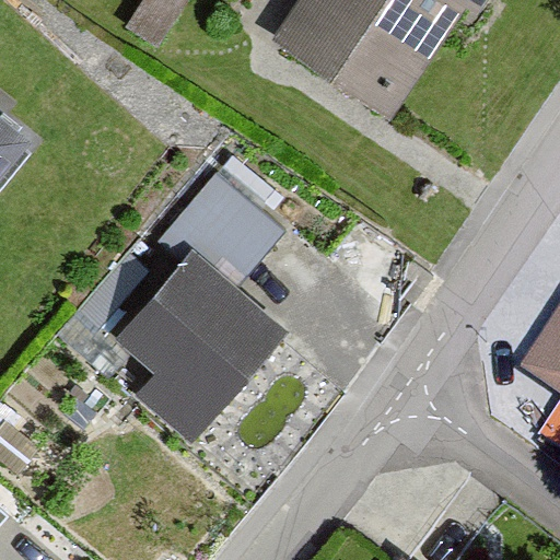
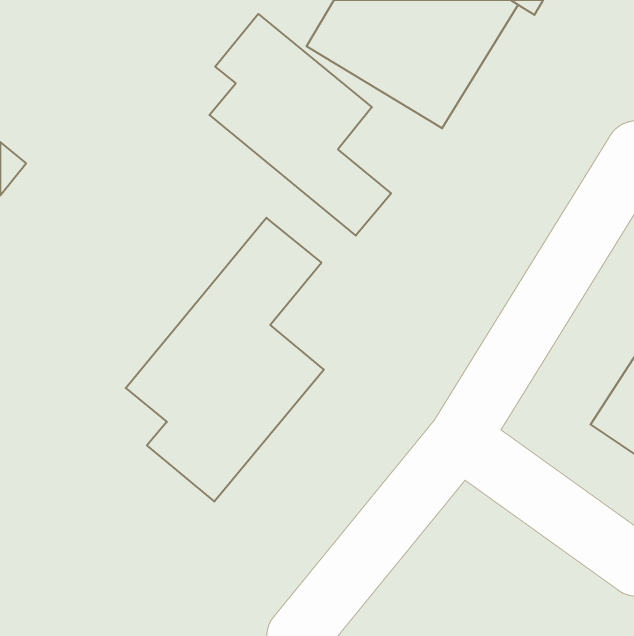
building: none -> [209,14,391,236]

